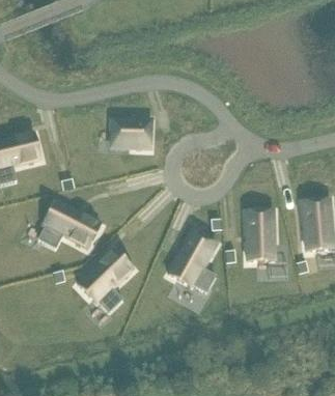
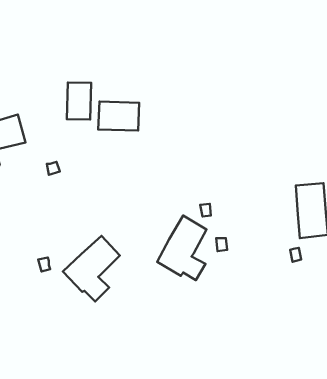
building: none -> [67,82,91,119]
building: [39,201,101,249] -> none
building: [247,209,275,260] -> none

